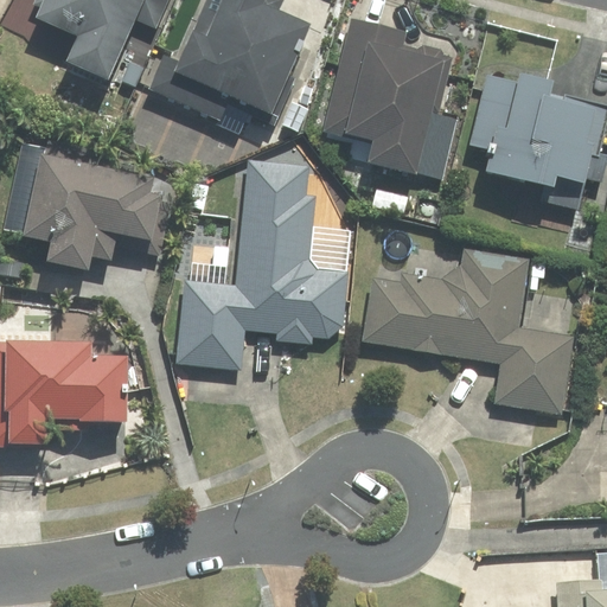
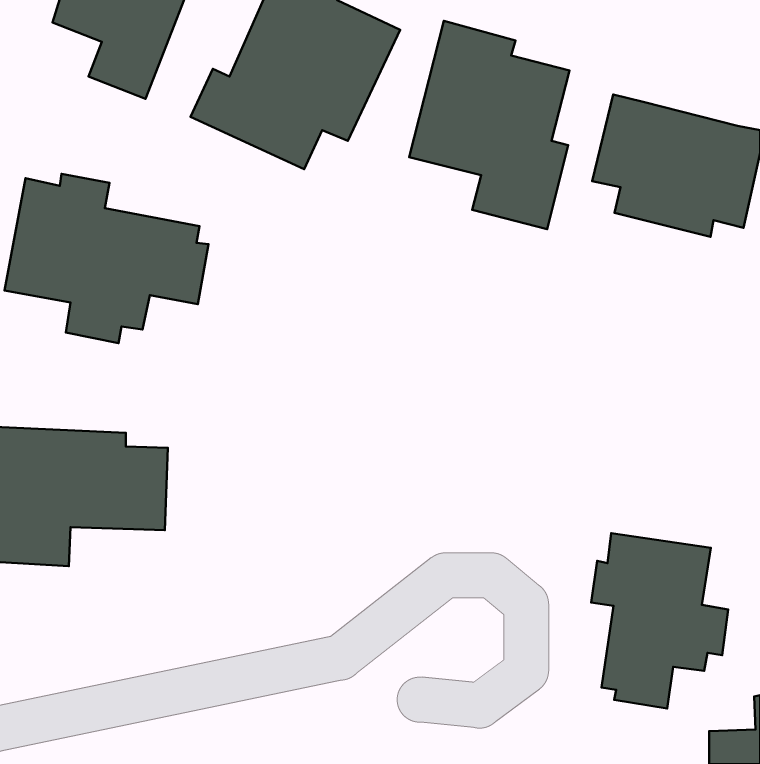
building: [178,161,346,369] -> none
building: [364,247,573,414] -> none
building: none -> [591,533,728,708]

